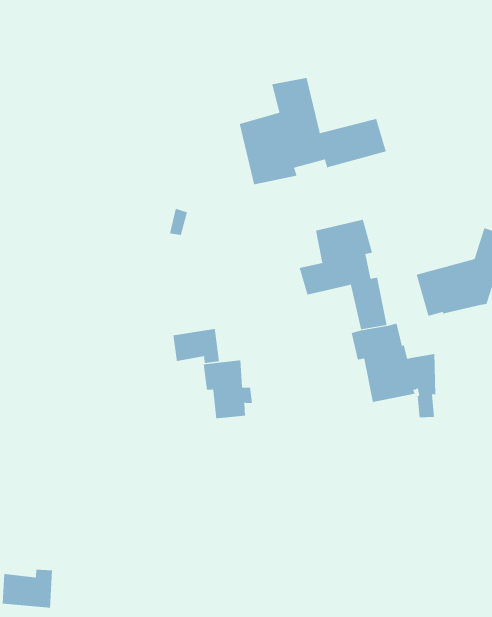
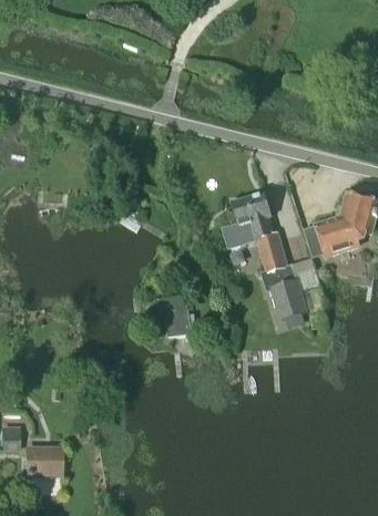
building: [239,77,387,185] -> none
building: [173,328,219,364] -> none

